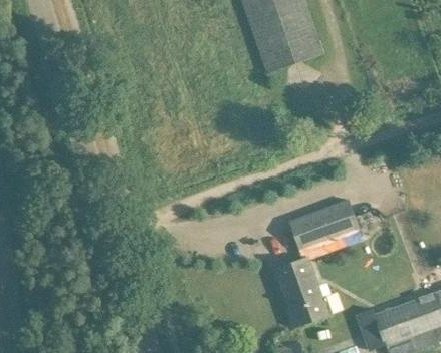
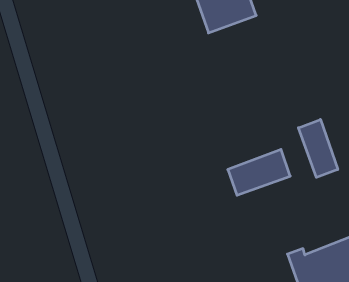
building: none -> [298,119,338,177]
building: [277,258,334,327] -> none

